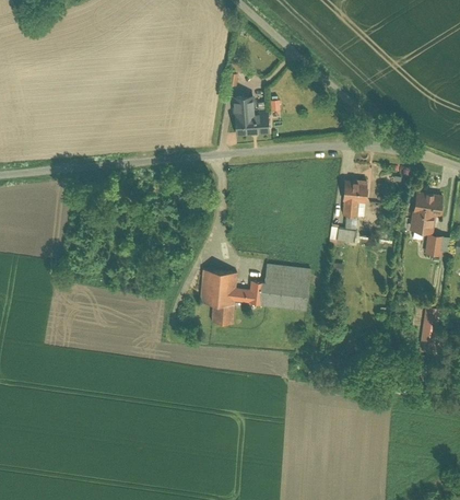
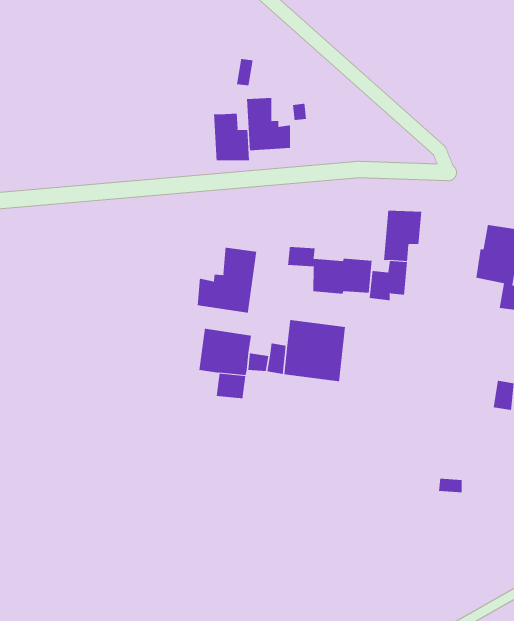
building: none -> [214,113,250,161]
building: none -> [287,246,372,294]
building: none -> [197,247,257,314]

